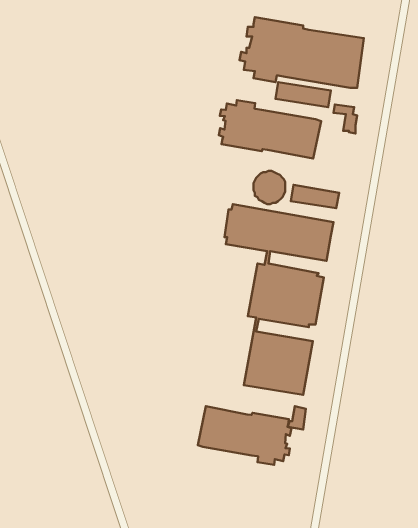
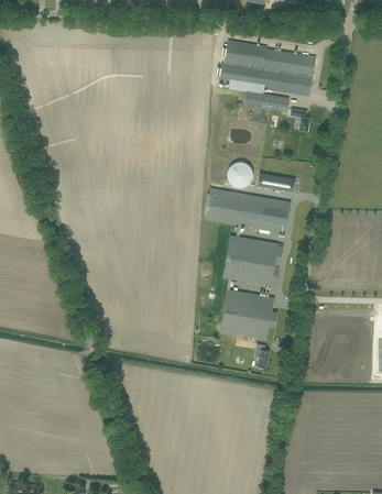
building: [219,100,321,159] -> none
building: [198,406,291,465] -> none

